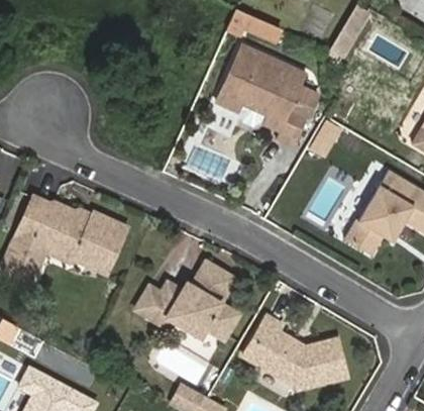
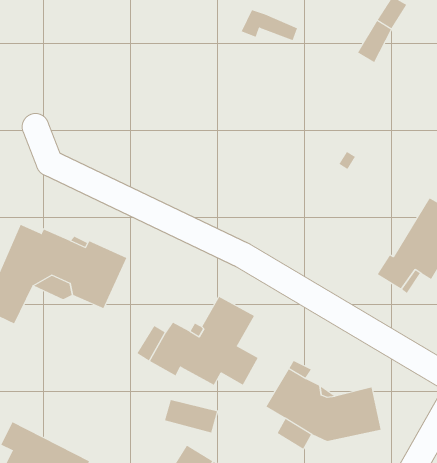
building: [217,45,317,146] -> none

